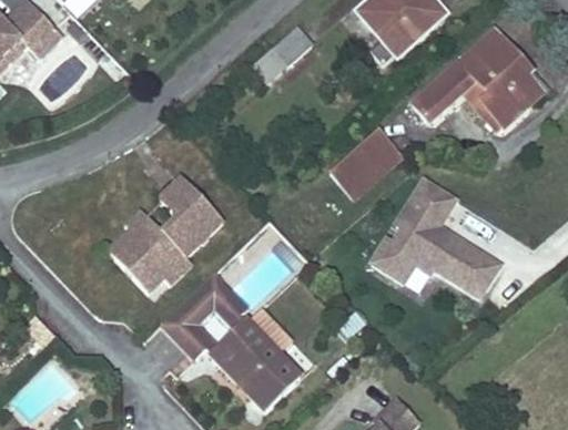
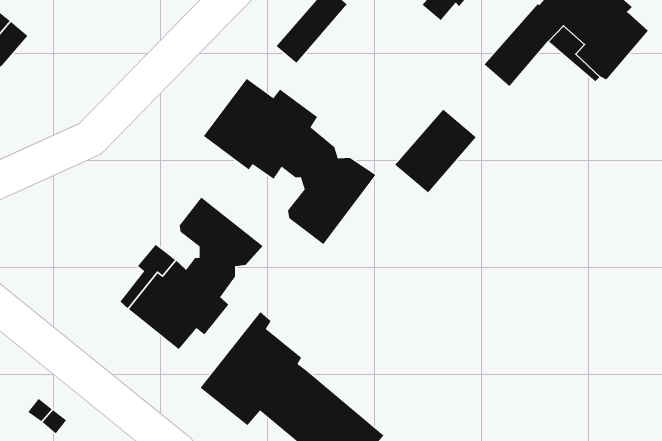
building: none -> [203,78,377,245]
building: [367,181,503,308] -> none

